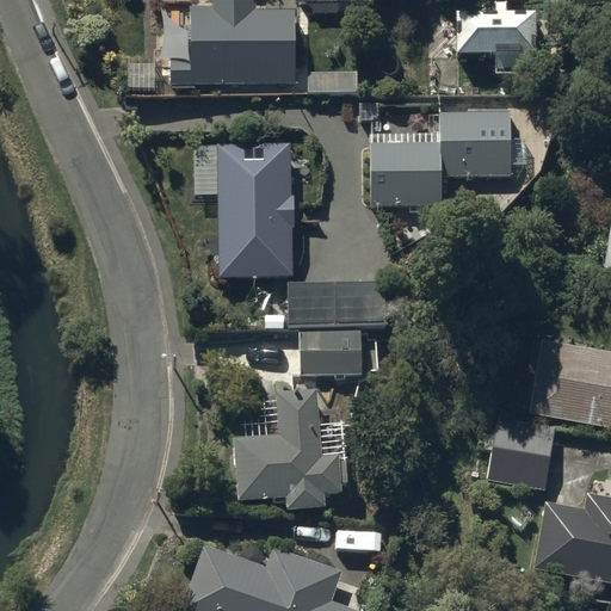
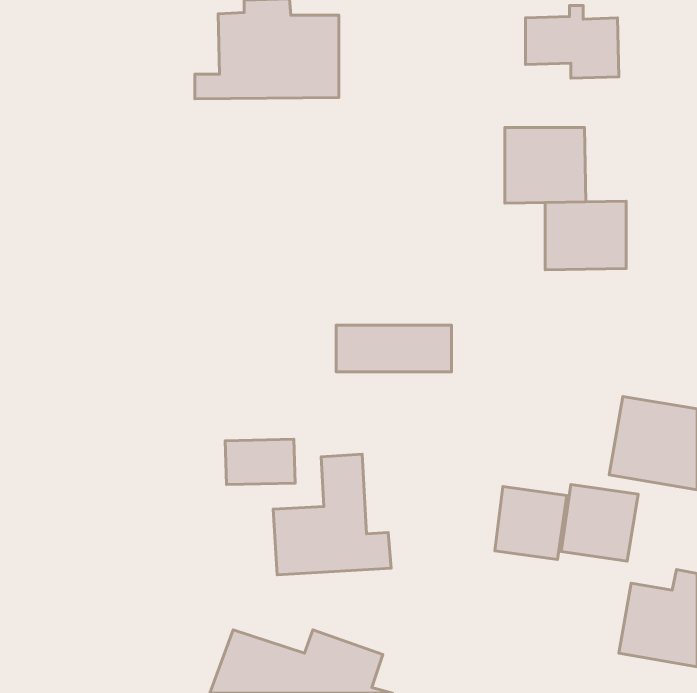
building: [369,143,439,203] -> [545,201,626,270]
building: [220,148,290,276] -> none
building: [300,334,360,374] -> [225,439,295,485]
building: none -> [495,486,567,560]

